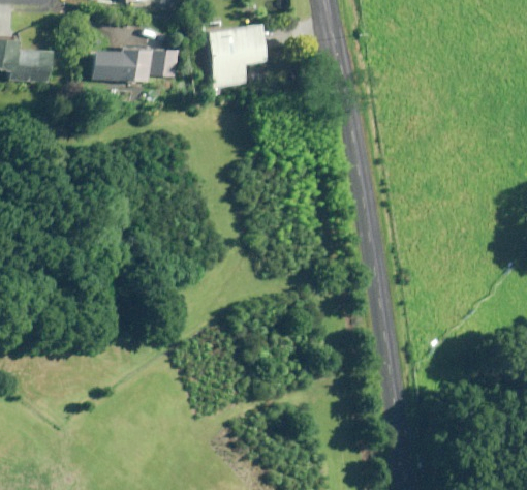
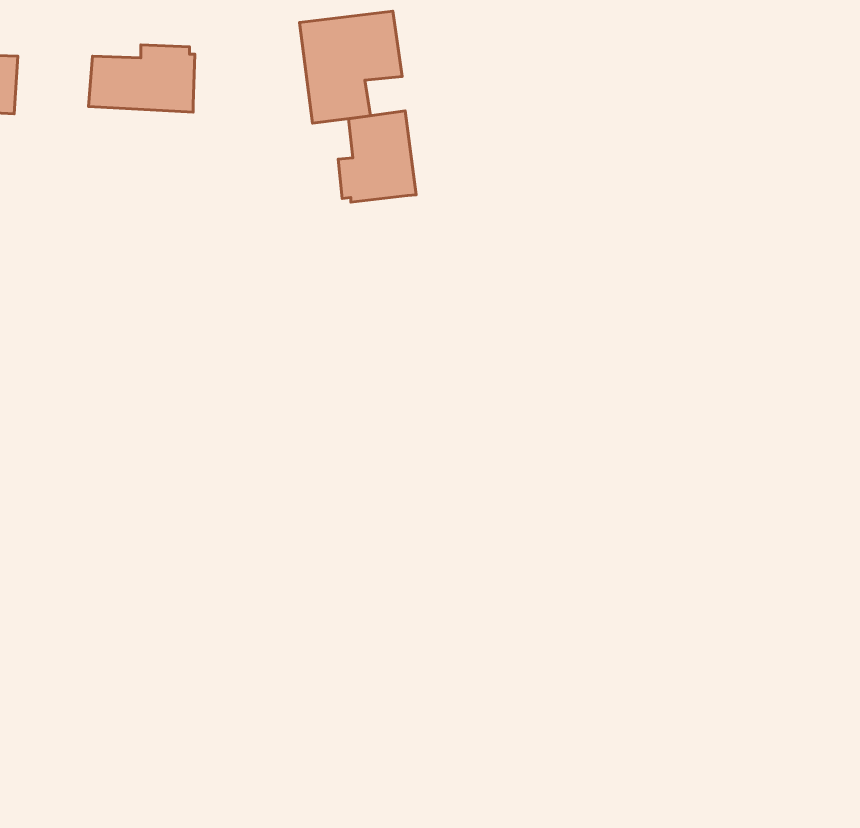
building: [151,50,178,79] -> none
building: none -> [338,111,416,202]

